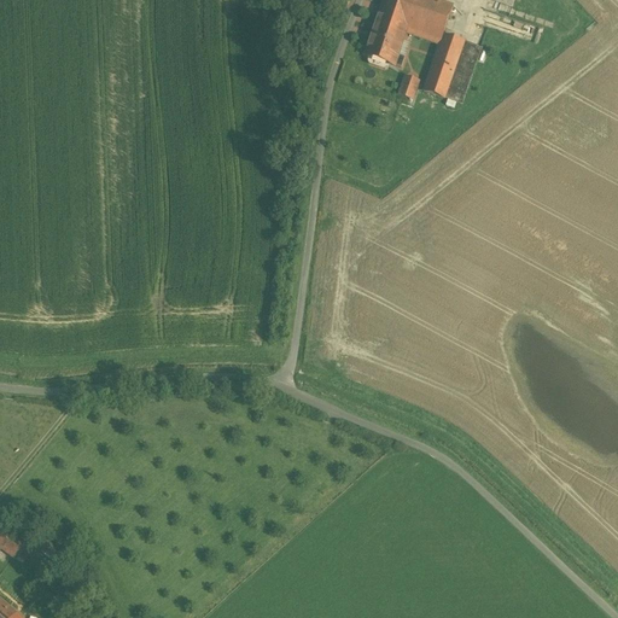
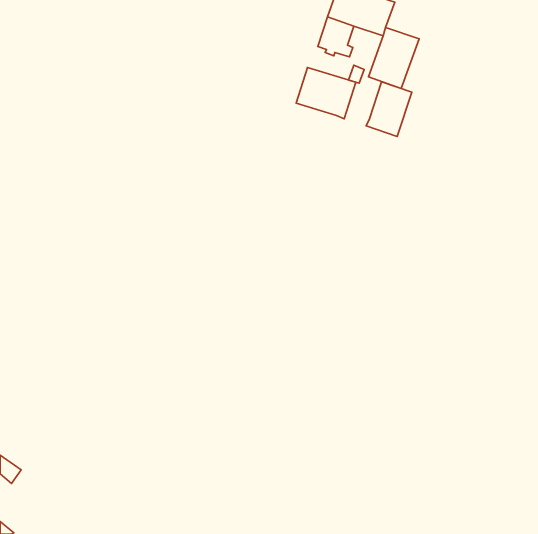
building: none -> [296,68,356,119]
building: none -> [366,82,412,137]

